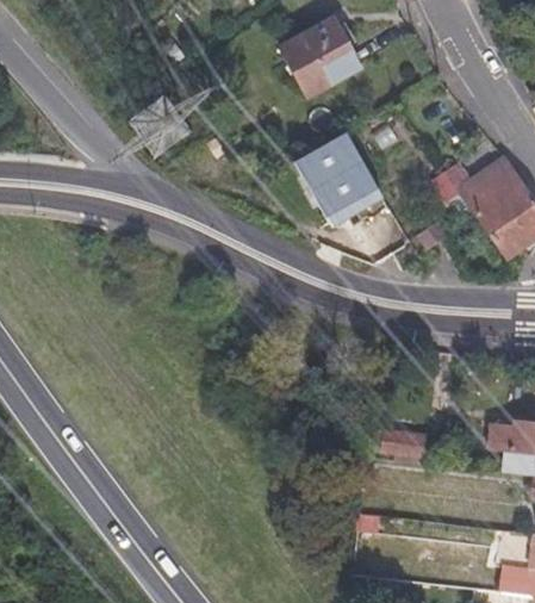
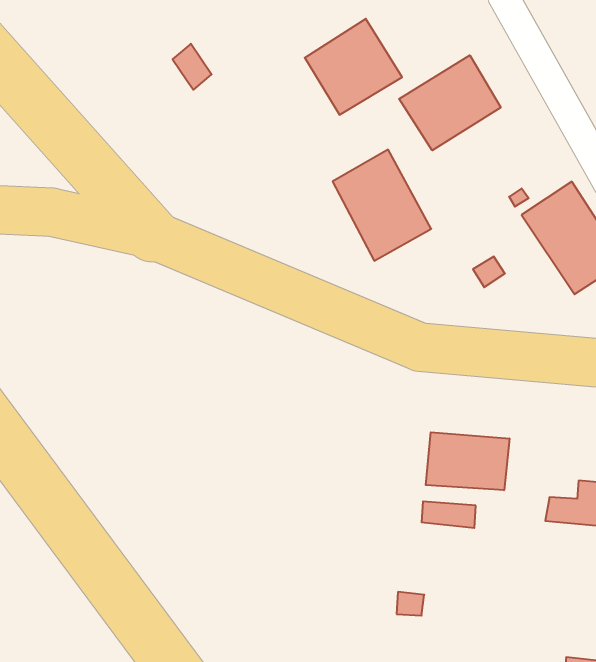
building: none -> [399,55,501,150]
building: none -> [426,432,509,490]

